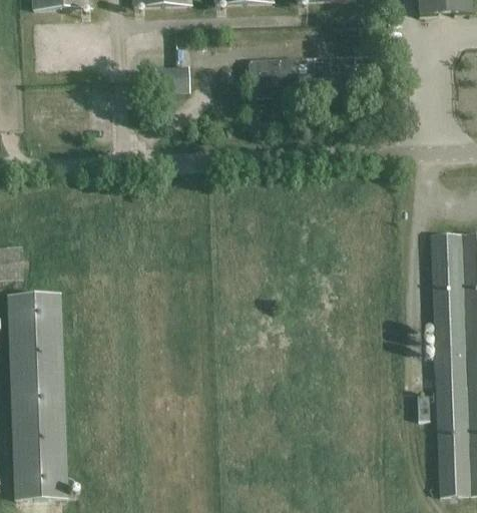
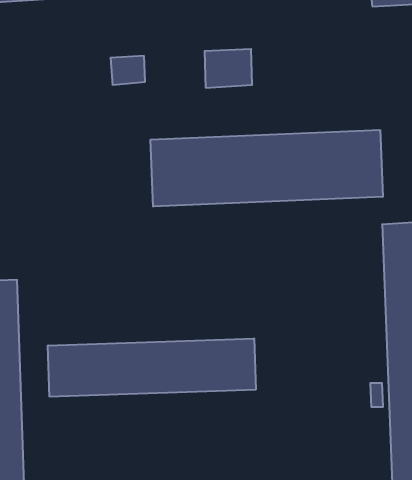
building: none -> [151,130,383,207]
building: none -> [48,338,256,397]

